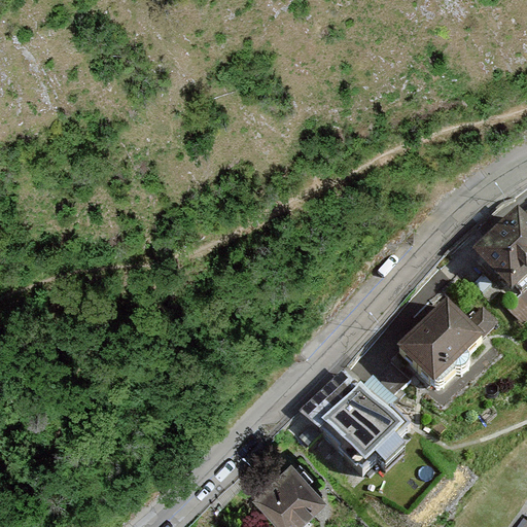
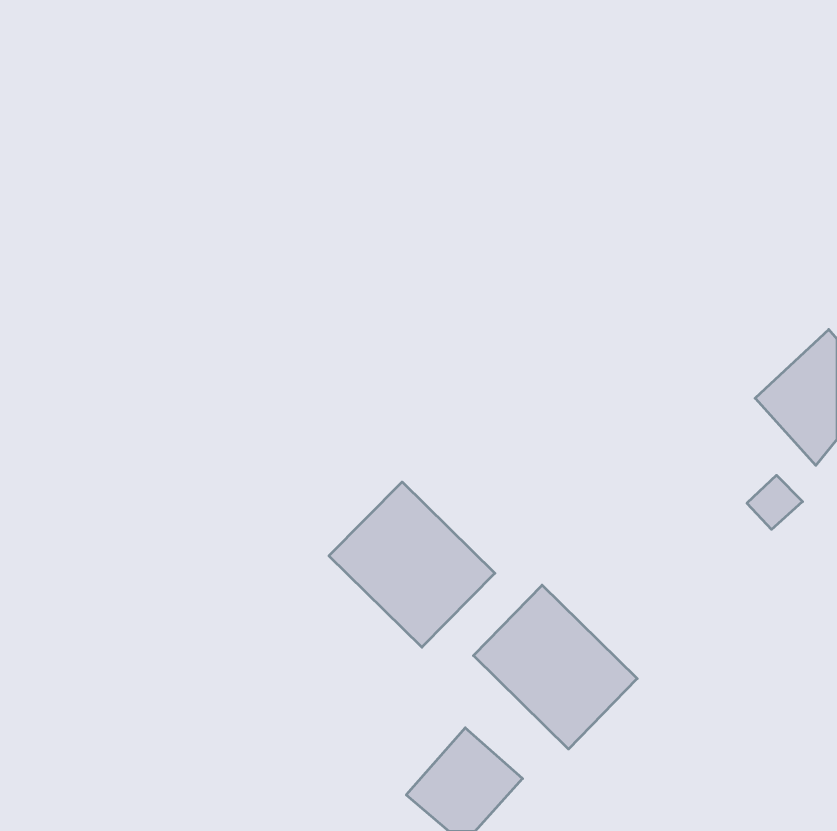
building: [399,302,485,385] -> none
building: none -> [329,482,495,647]

